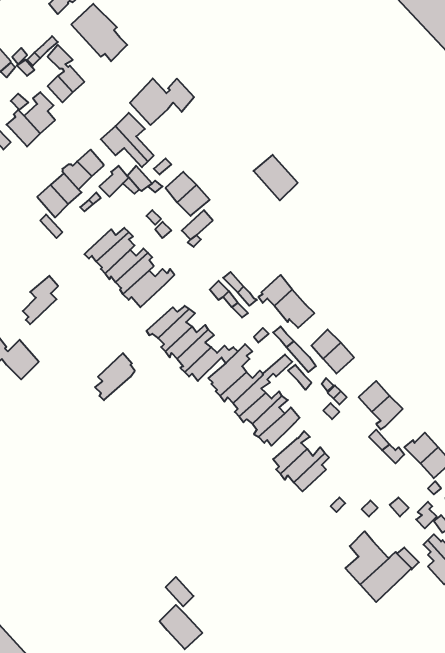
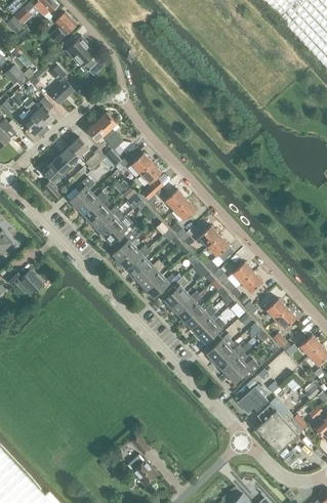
building: [130,78,194,125] -> none
building: [253,155,298,200] -> [164,188,195,220]
building: [23,276,58,324] -> [70,176,94,210]
building: [95,353,135,400] -> [112,230,139,263]
building: none -> [227,360,259,382]
building: none -> [237,387,269,414]

